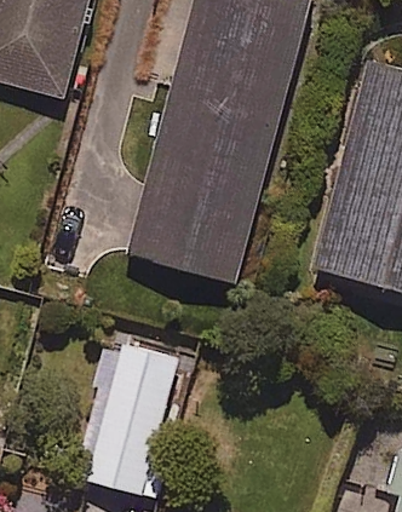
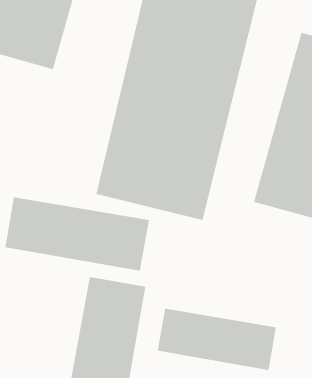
building: none -> [5,196,149,271]
building: none -> [157,308,277,371]

